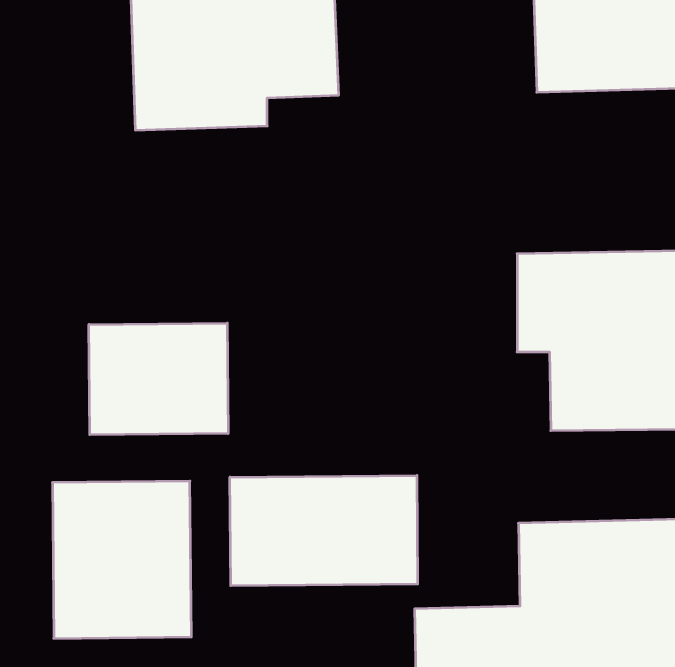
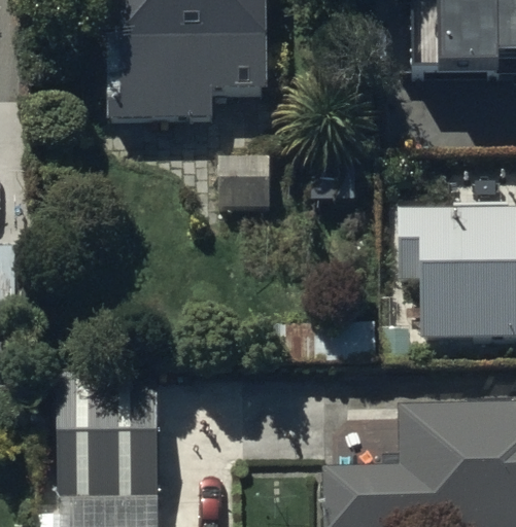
building: [89,323,228,435] -> none
building: [230,475,418,586] -> none

